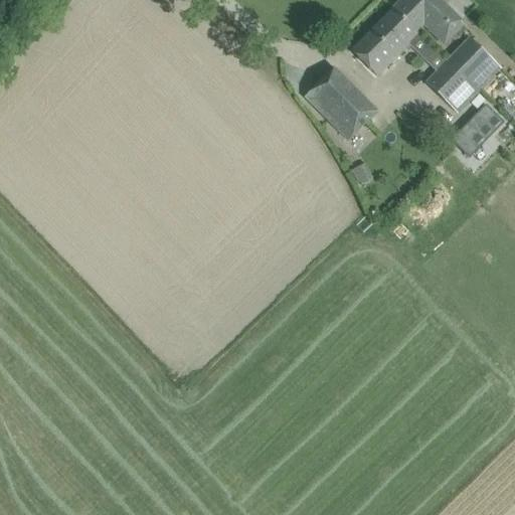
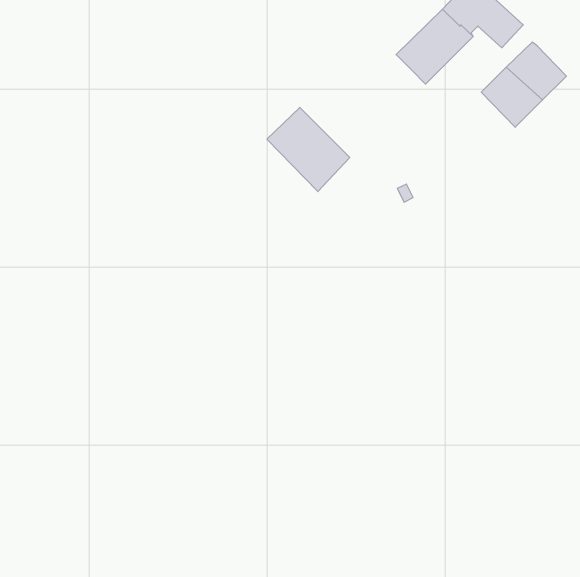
building: [305,66,378,141] -> [267,107,350,192]
building: [452,105,504,157] -> none

